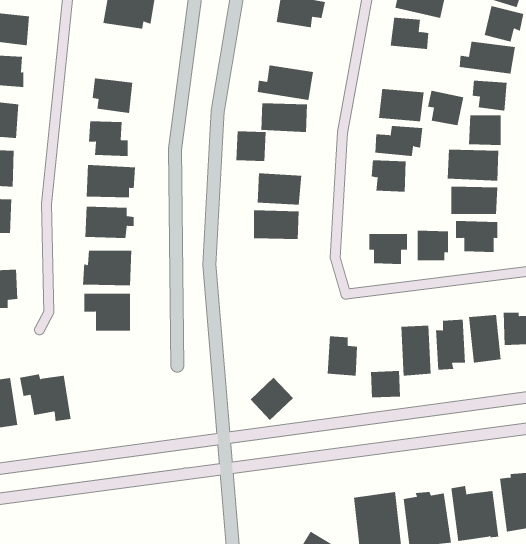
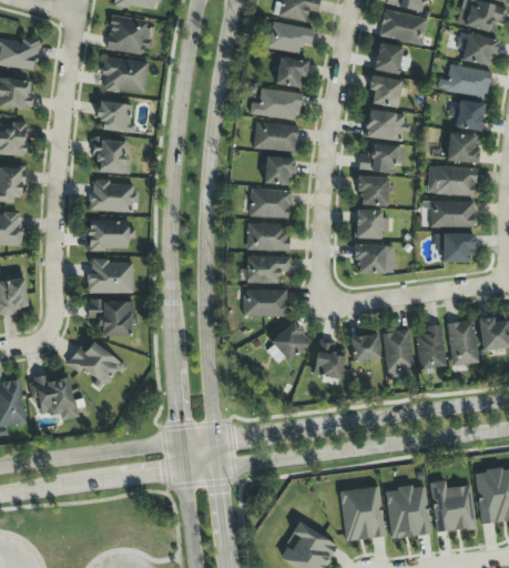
building: none -> [101,57,149,94]
building: none -> [276,58,307,87]
building: [427,90,464,126] -> [368,74,403,108]
building: [236,131,267,162] -> [264,156,293,185]
building: [417,230,449,261] -> [355,210,385,239]
building: none -> [240,256,289,283]
building: none -> [243,290,287,317]
building: none -> [67,337,124,386]
building: [370,371,401,398] -> [350,335,379,361]
building: [250,377,294,421] -> [271,321,312,362]

